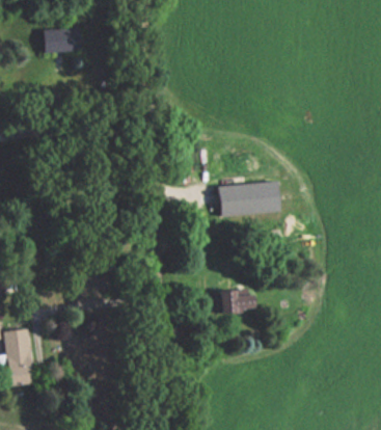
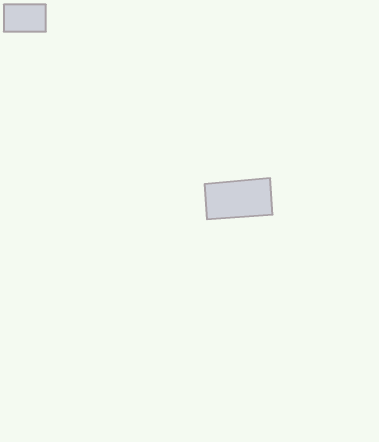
building: [221,292,252,311] -> none

